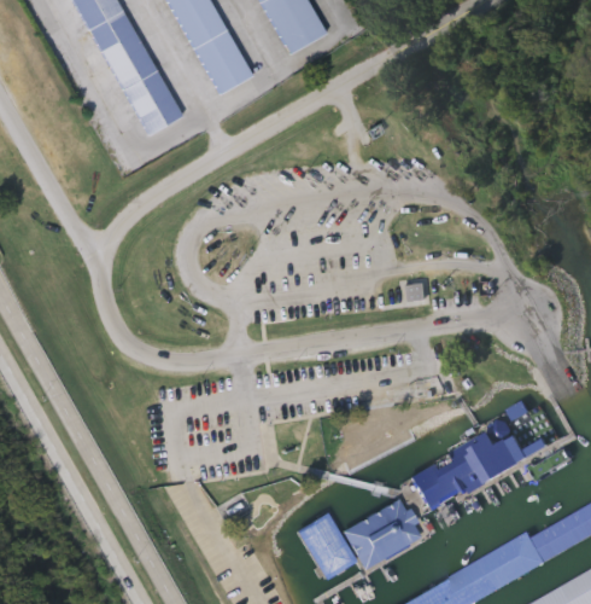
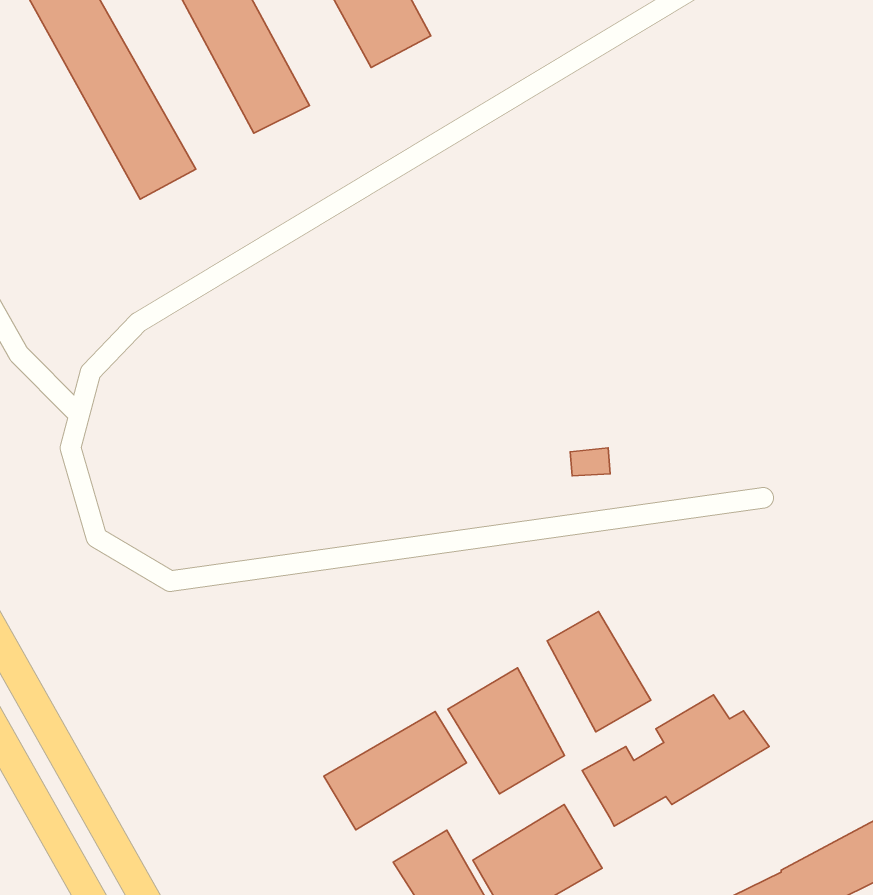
building: none -> [547,612,651,732]
building: none -> [448,668,565,794]
building: none -> [324,712,466,830]

